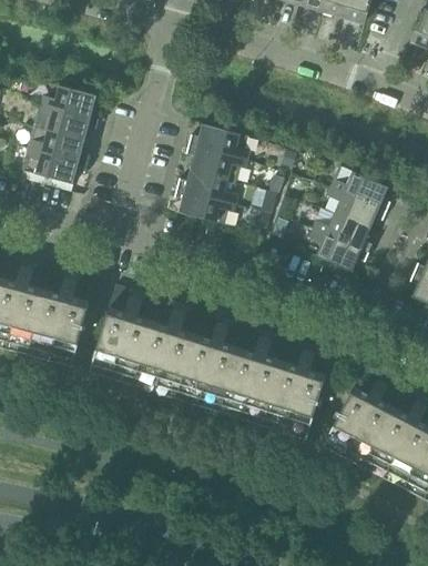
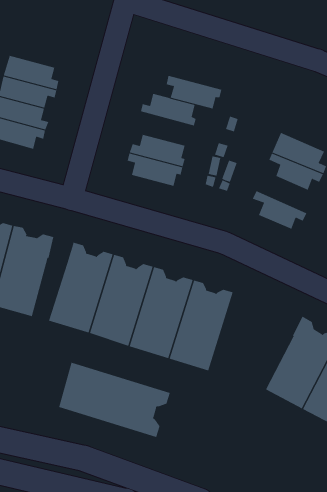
building: [185,143,246,180] -> [166,75,222,109]
building: [313,213,371,253] -> none
building: [262,338,333,437] -> none
building: none -> [58,362,171,438]

